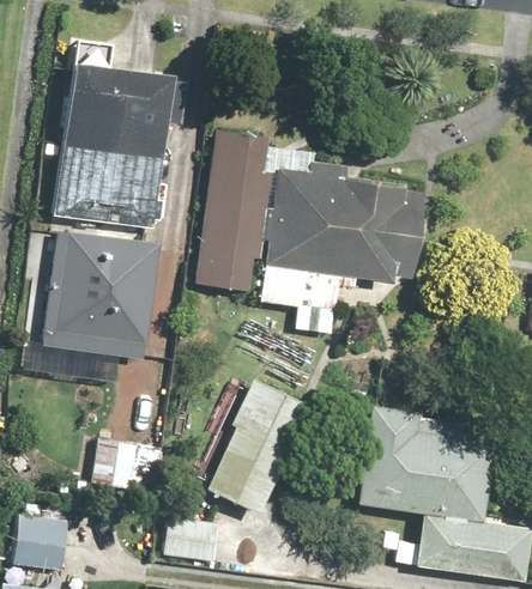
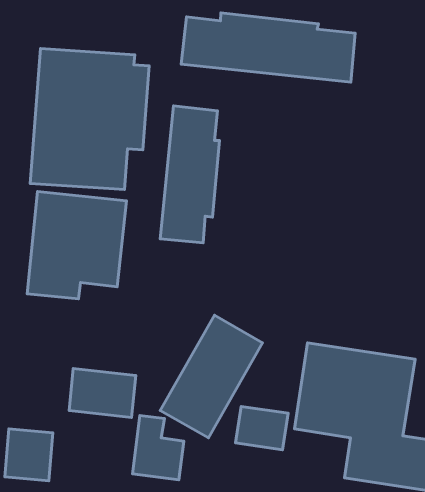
building: none -> [181,13,355,82]
building: [271,164,422,338] -> none
building: none -> [236,406,288,450]

